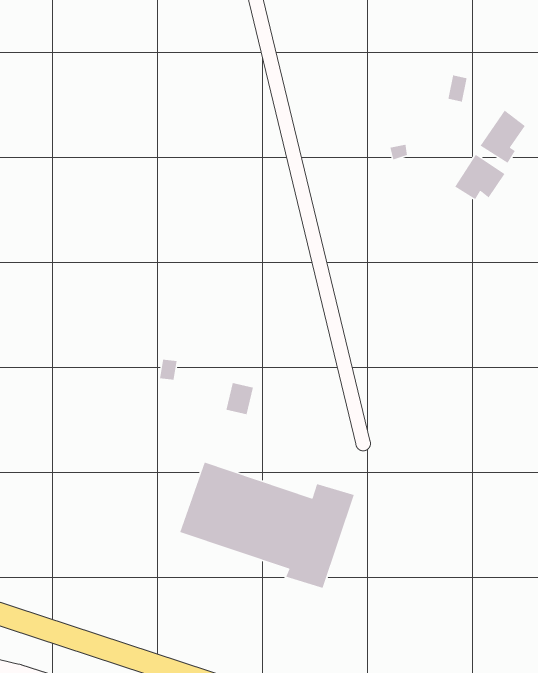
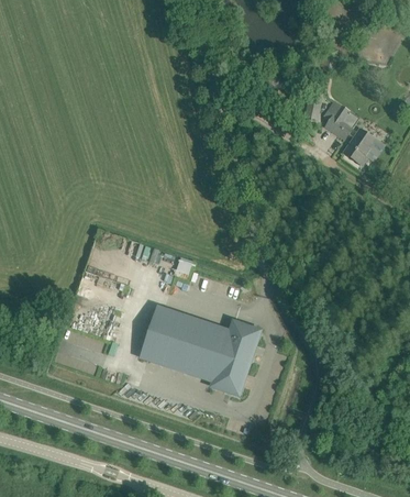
building: [480,109,526,164] -> [343,129,374,165]

